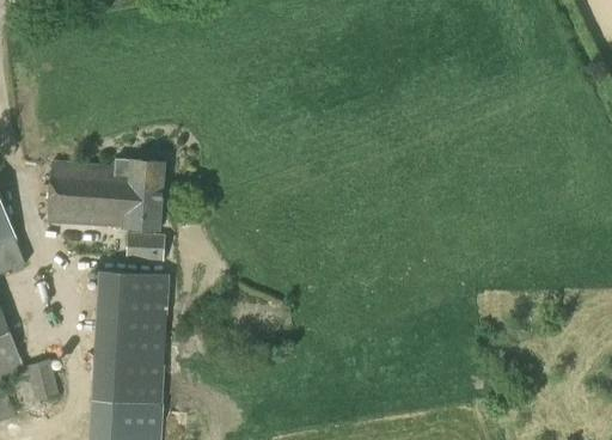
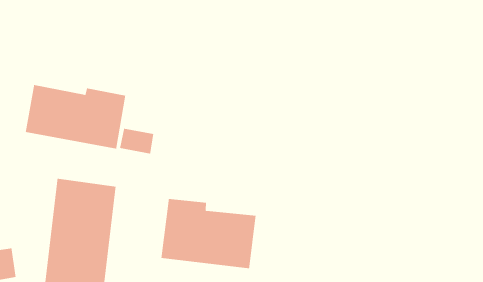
building: [126,234,165,262] -> [119,128,154,154]
building: none -> [161,198,256,269]

